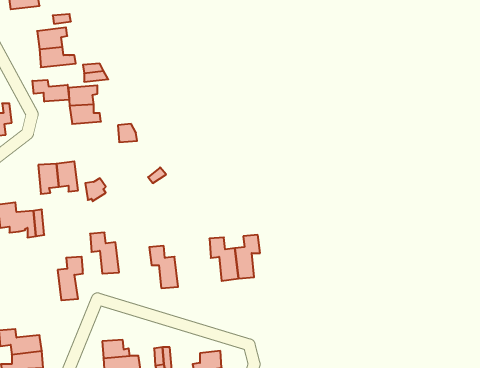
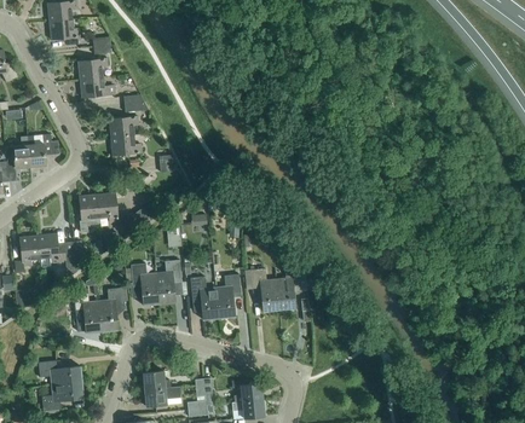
building: [32,80,69,102] -> none
building: none -> [156,260,181,303]
building: none -> [215,274,241,318]
building: none -> [73,291,102,332]

